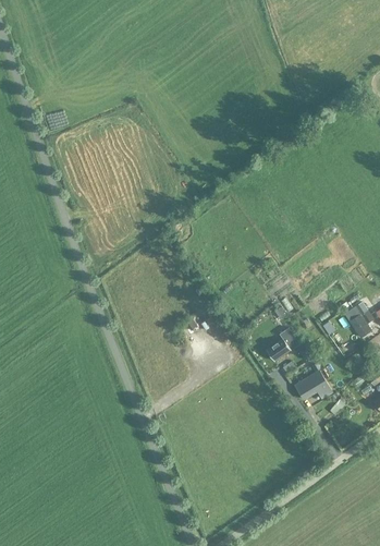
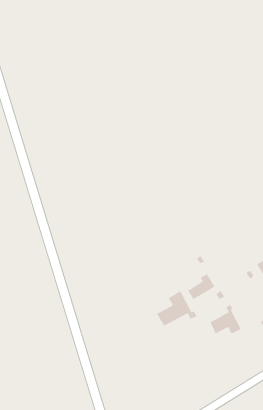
building: none -> [156,290,197,327]

